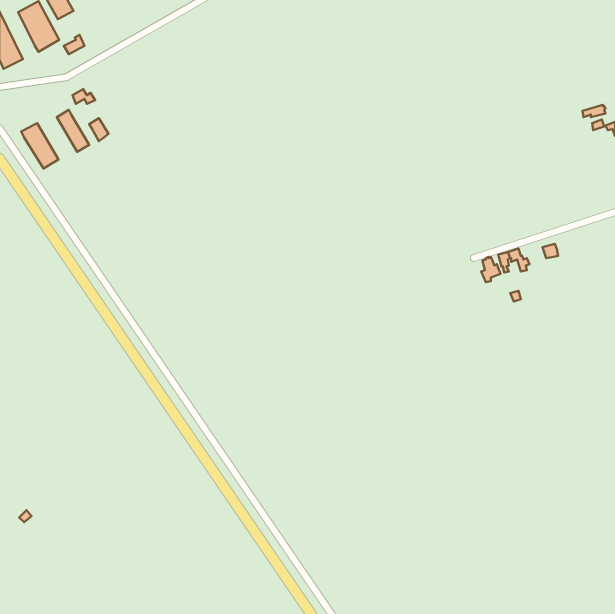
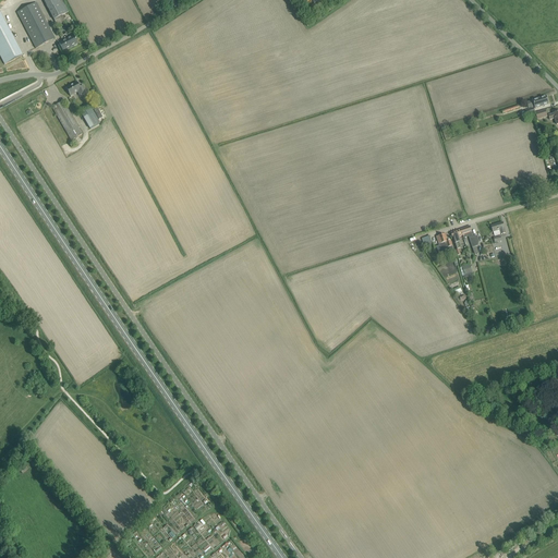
building: [21,123,59,168] -> none

